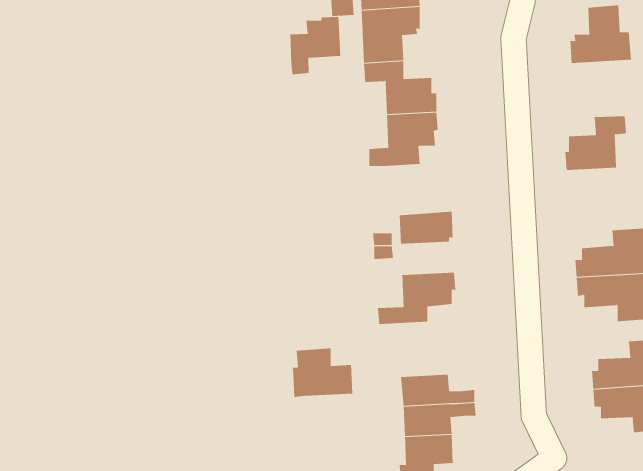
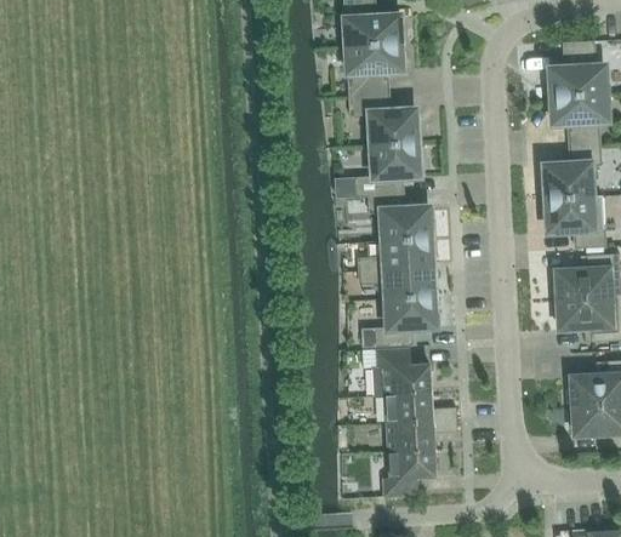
building: [290,16,341,75] -> none
building: none -> [547,92,606,147]
building: none -> [368,192,434,240]
building: none -> [542,194,604,246]
building: none -> [384,265,437,297]
building: [292,348,353,398] -> [372,348,431,395]

